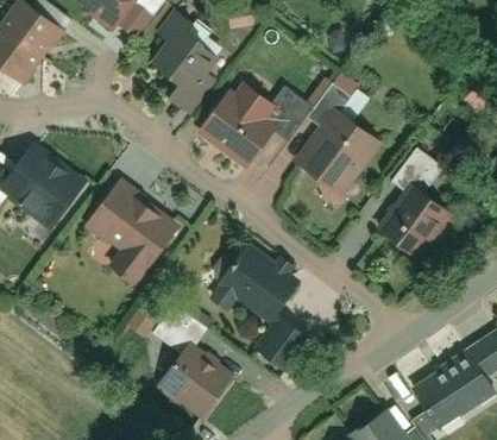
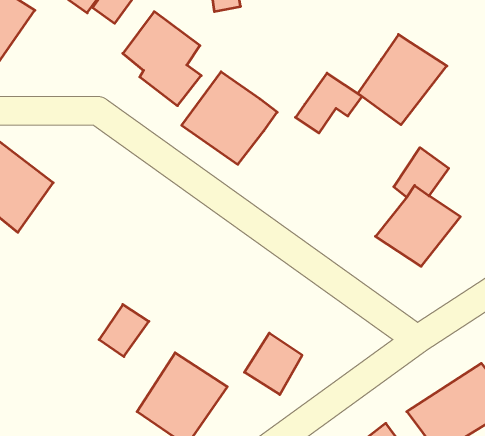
building: [270,90,310,144] -> none
building: [302,115,383,197] -> [358,34,447,125]
building: [83,182,178,287] -> none
building: [214,239,301,320] -> none

